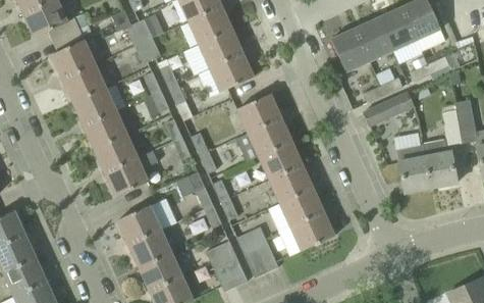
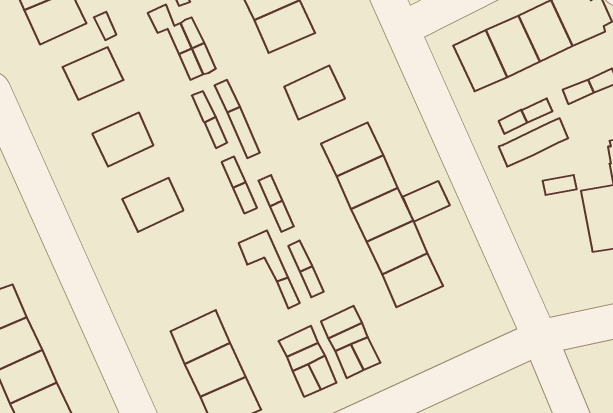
building: [199,30,243,68] -> none
building: [62,63,106,102] -> none
building: [84,110,127,149] -> none
building: none -> [403,181,450,222]
building: [396,143,431,192] -> none
building: [105,150,158,196] -> none
building: [117,205,161,244] -> none
building: [290,211,334,250] -> none

